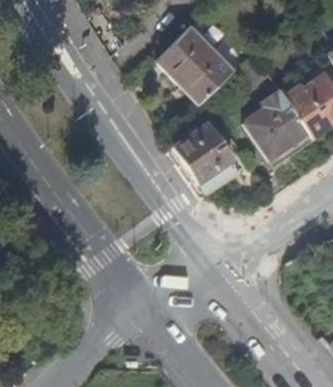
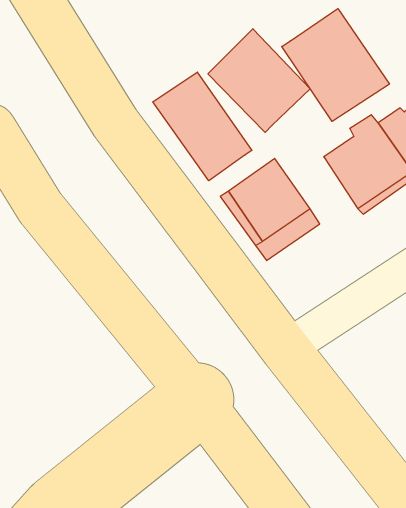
building: none -> [282,9,389,121]
building: none -> [153,72,252,181]

